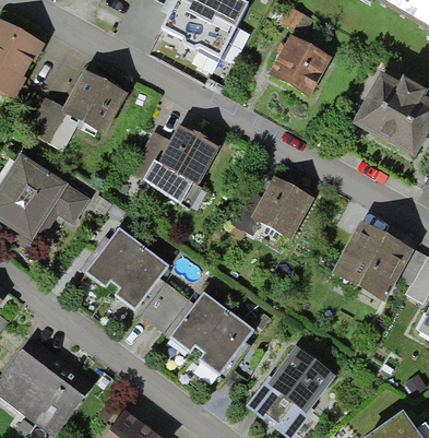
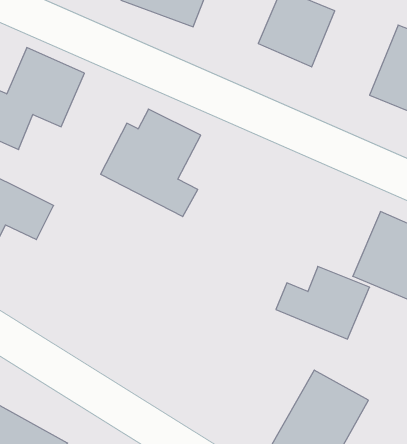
building: [236,176,313,237] -> [276,266,370,339]
building: [84,228,252,375] -> none

